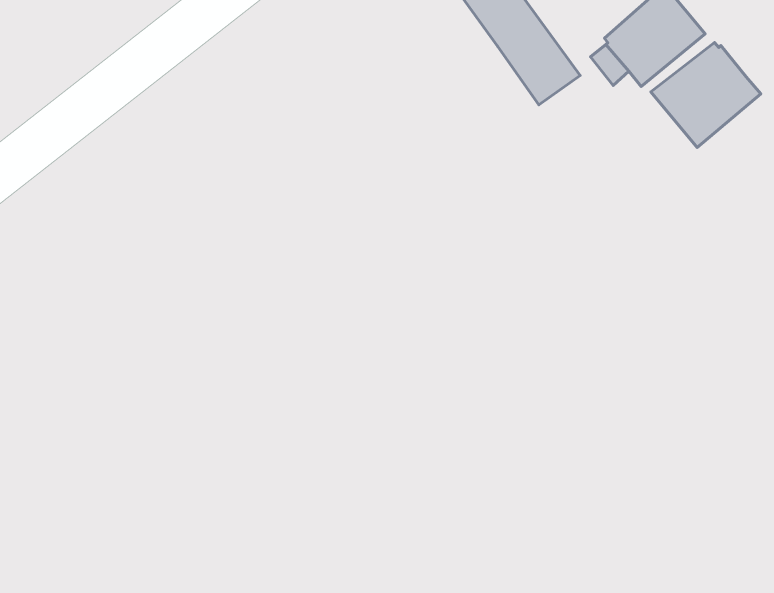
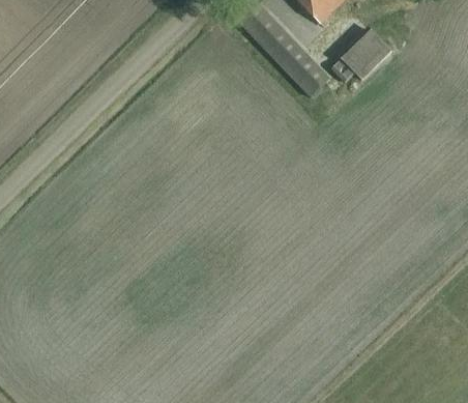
building: [651,42,761,147] -> none

